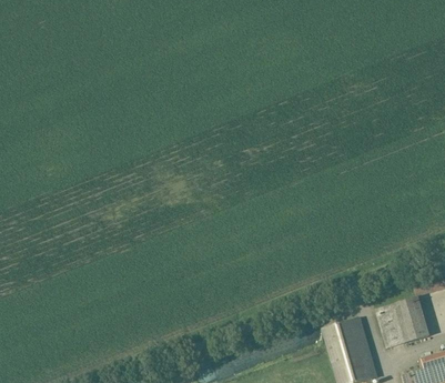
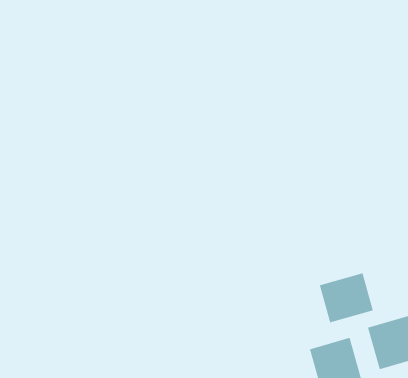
building: none -> [319,272,374,323]

